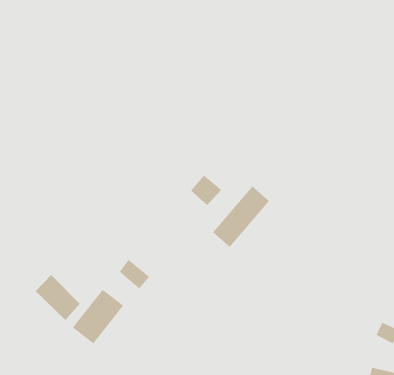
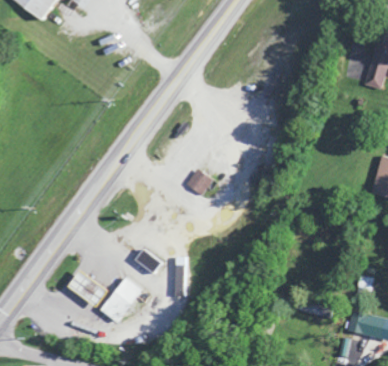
building: [212,186,270,248] -> none

